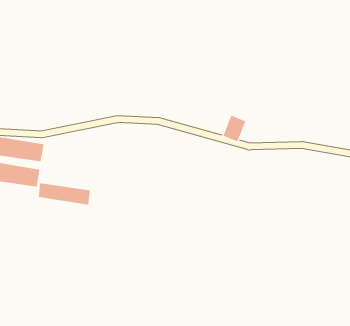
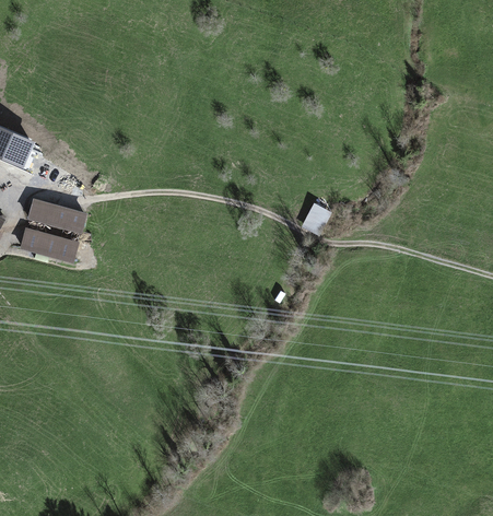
building: [38,183,90,206] -> none

